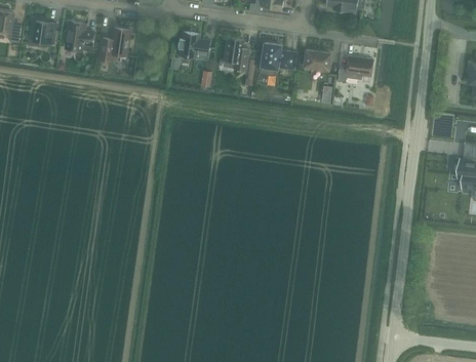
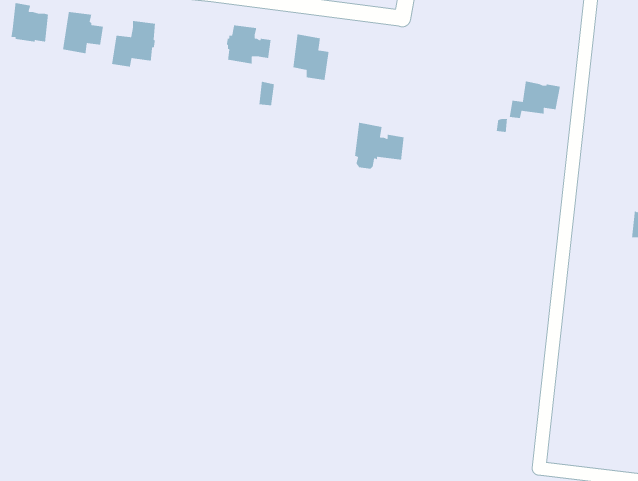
building: [262,42,296,75] -> [354,122,405,169]
building: [305,49,331,70] -> none
building: [338,55,373,82] -> [509,80,561,119]

